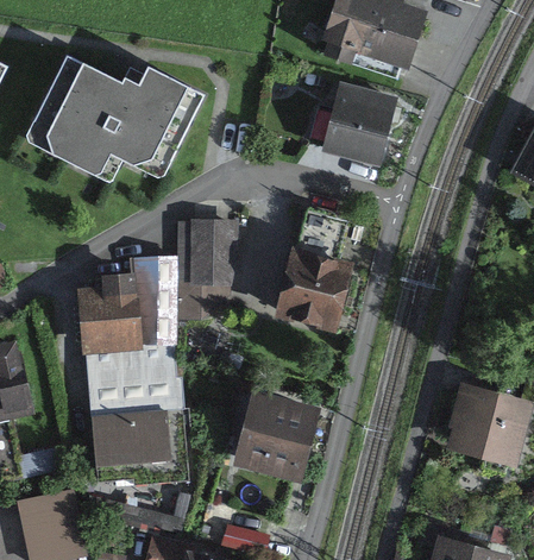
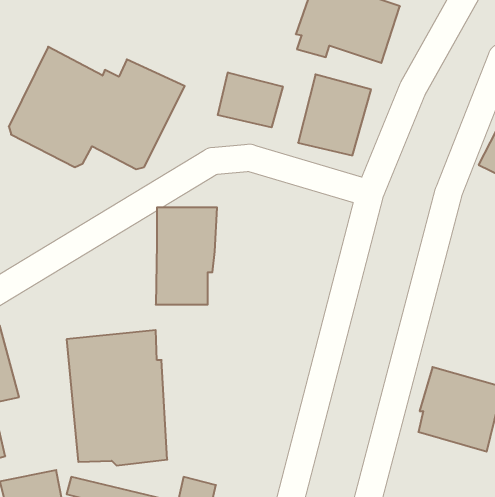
building: none -> [218,72,283,127]
building: [274,206,353,333] -> none
building: [76,256,177,354] -> none
building: [233,390,320,484] -> none

